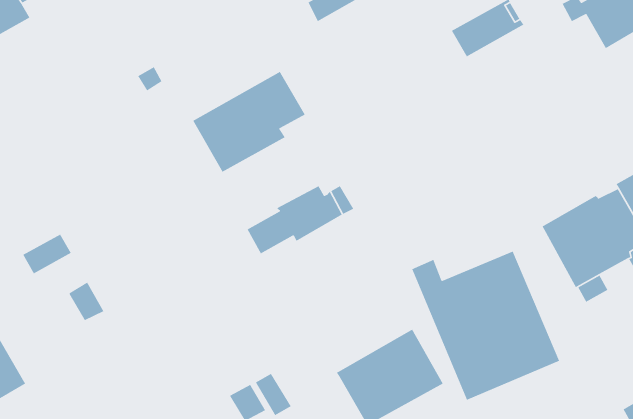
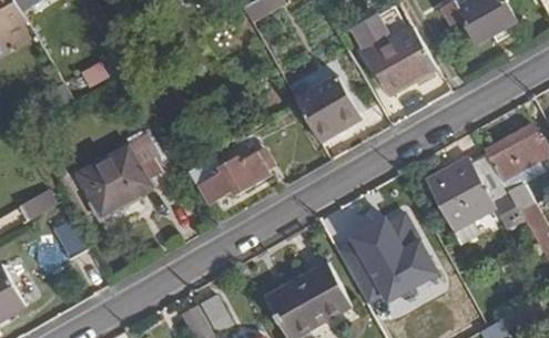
building: none -> [367,25,436,92]
building: [192,71,306,173] -> [78,135,166,215]
building: none -> [295,78,358,137]

